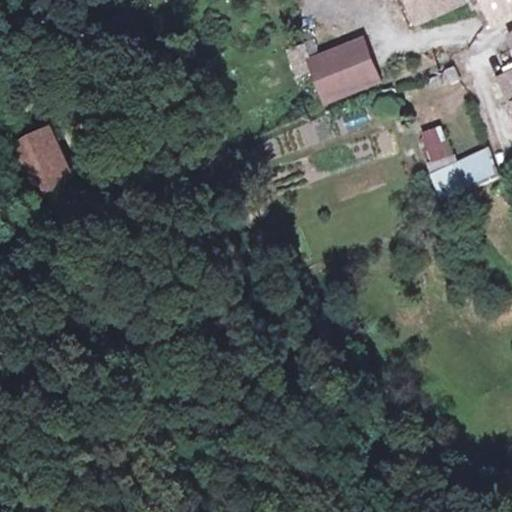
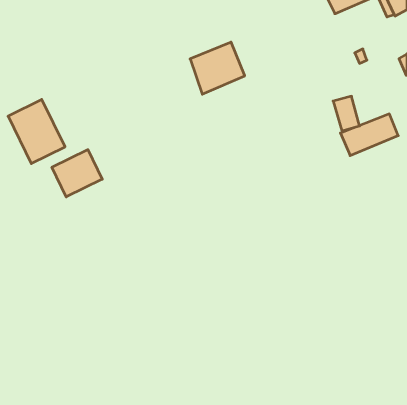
building: [310,35,378,100] -> [190,42,245,94]
building: none -> [52,150,102,197]

